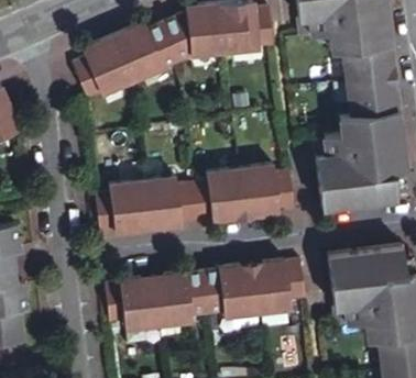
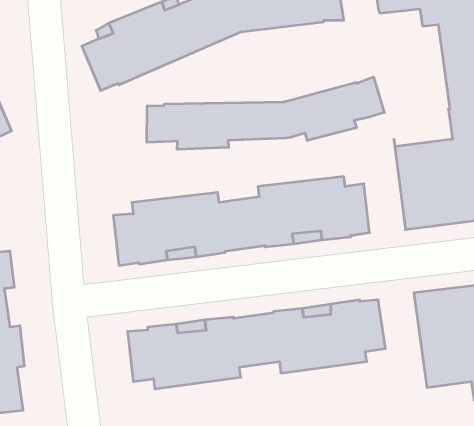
building: none -> [147,77,384,149]

